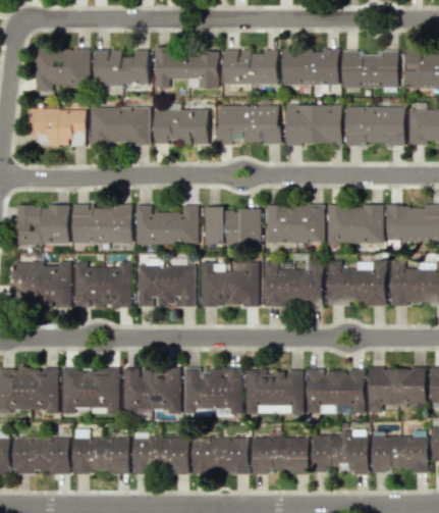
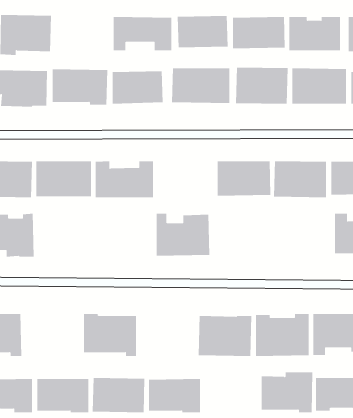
building: [94,49,149,85] -> none
building: [204,206,260,245] -> none
building: [263,260,323,306] -> none
building: [327,260,386,304] -> none
building: [74,261,131,307] -> none
building: [138,264,196,306] -> none
building: [61,367,119,413] -> none
building: [184,367,241,413] -> none
building: [252,435,309,474] -> none

